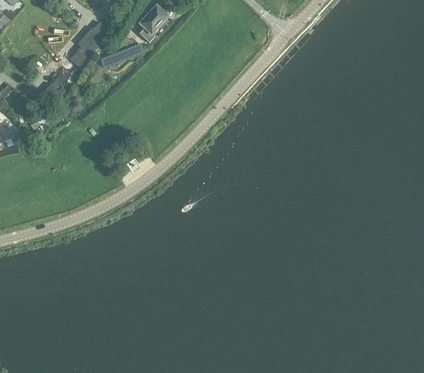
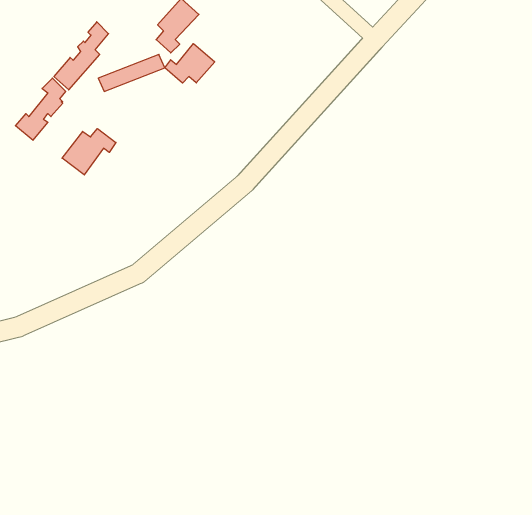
building: none -> [165,44,215,83]
building: none -> [62,129,116,175]

